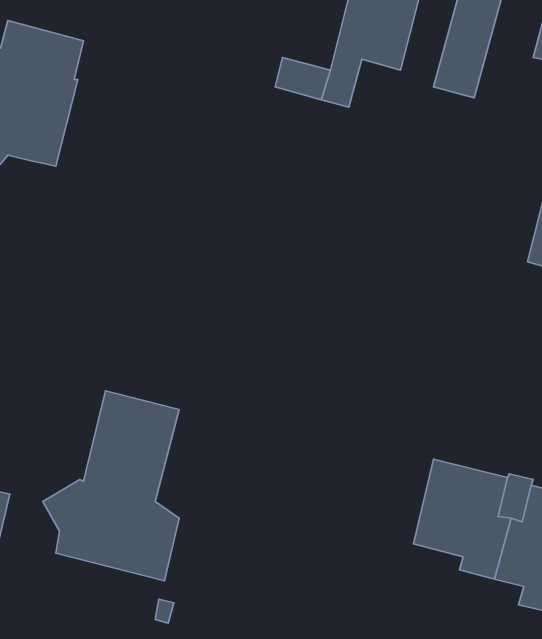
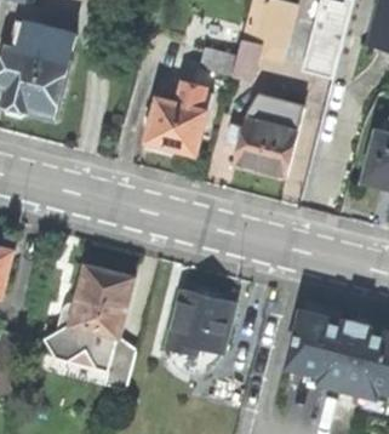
building: none -> [143,85,210,154]
building: none -> [224,98,301,176]
building: none -> [168,290,235,354]

